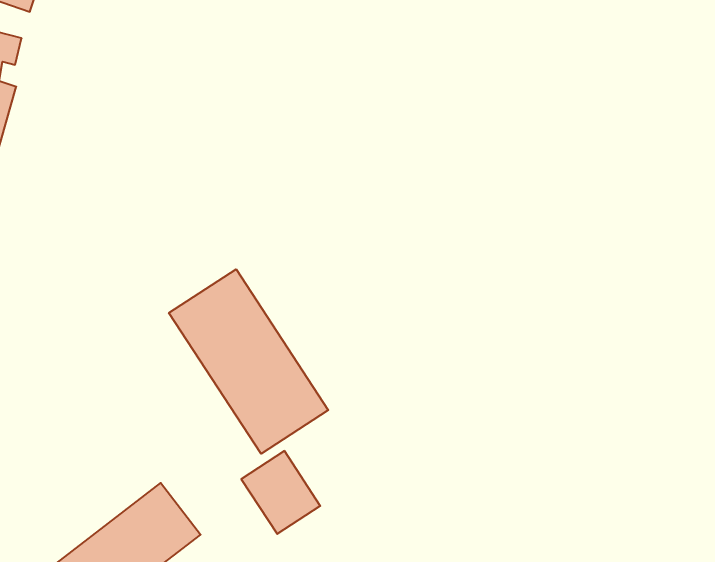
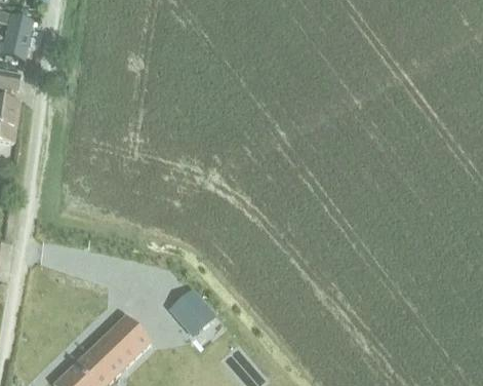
building: [169,269,328,454] -> none

